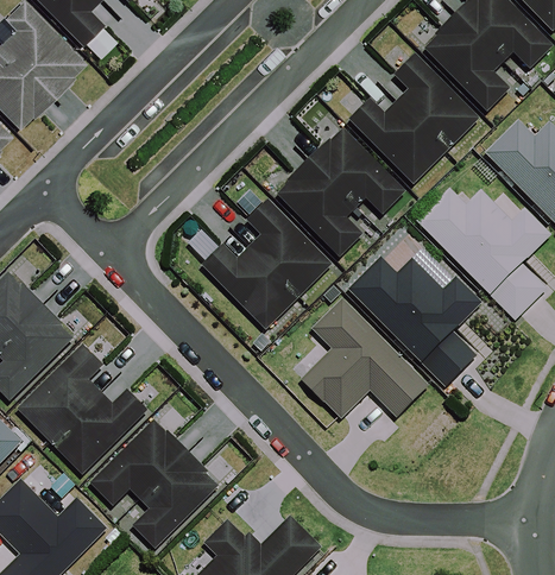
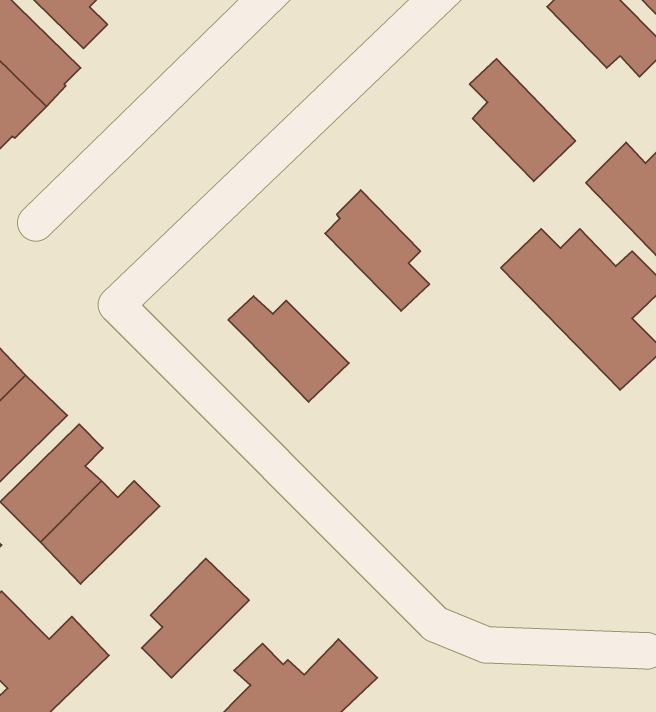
building: [425,12,510,110] -> none
building: [349,97,444,182] -> none
building: [307,127,405,213] -> none
building: [245,198,330,296] -> none
building: [349,255,480,385] -> none
building: [301,297,428,416] -> none
building: [90,419,183,503] -> none

